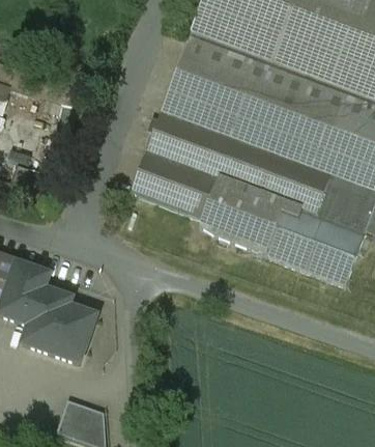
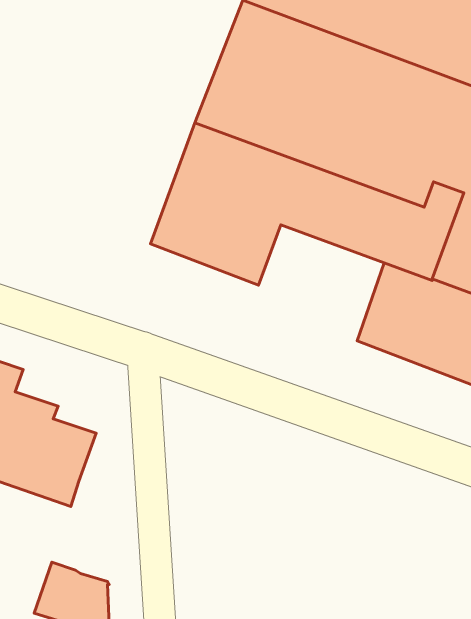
building: [199,177,284,253] -> none

